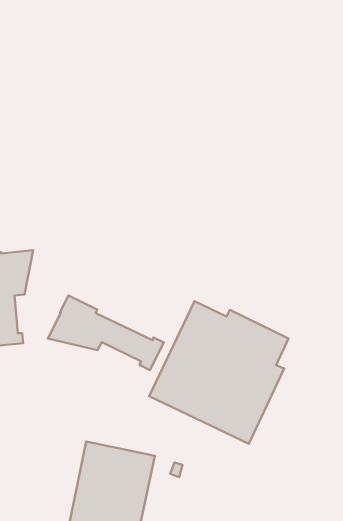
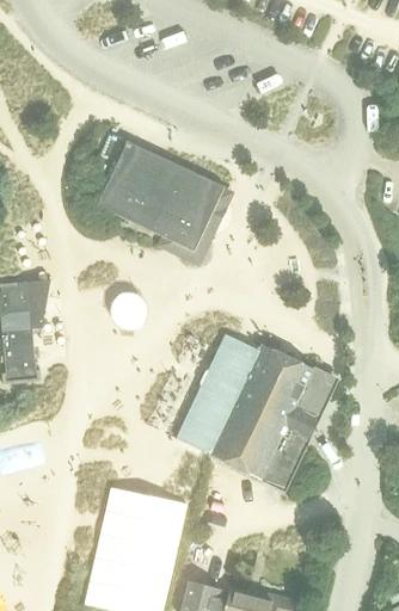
building: none -> [98,142,226,252]
building: [48,296,164,370] -> none

